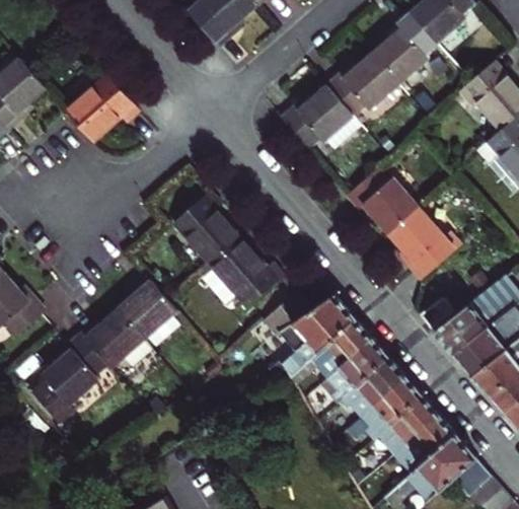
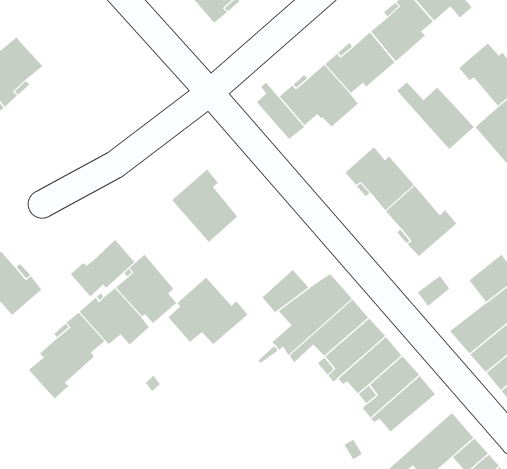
building: [67,74,140,141] -> none
building: none -> [396,81,475,150]
building: none -> [256,82,305,140]
building: [203,238,284,306] -> [167,277,249,345]
building: none -> [70,239,135,297]
building: [433,302,489,353] -> none
building: [393,416,455,474] -> none

